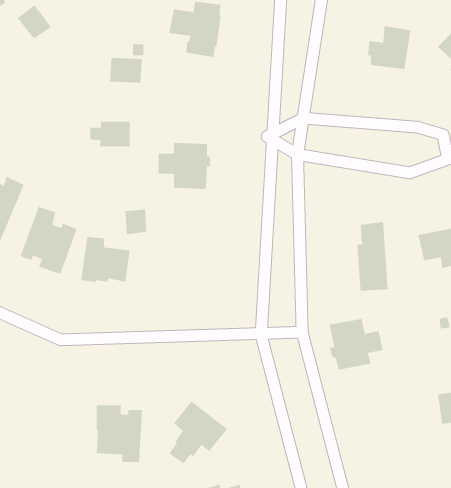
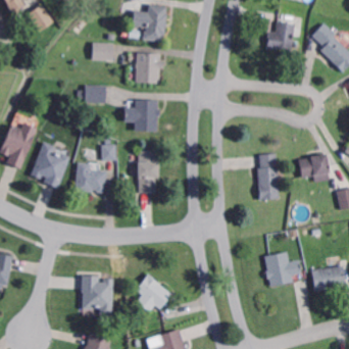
building: none -> [136,52,160,83]
building: none -> [138,150,156,192]
building: [329,318,384,370] -> [265,251,302,286]

